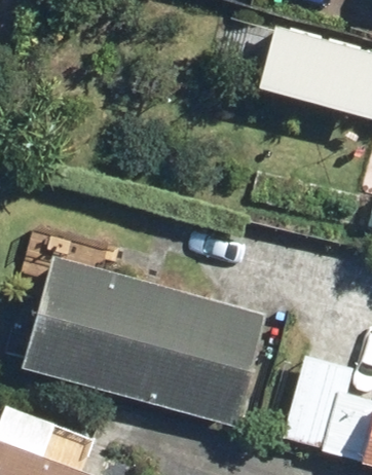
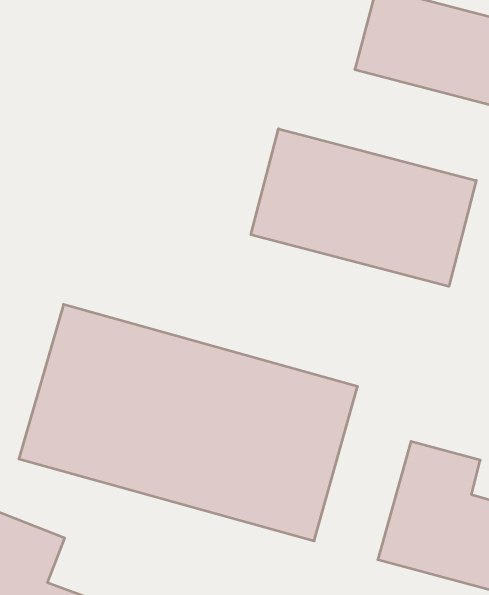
building: none -> [251,129,476,286]

